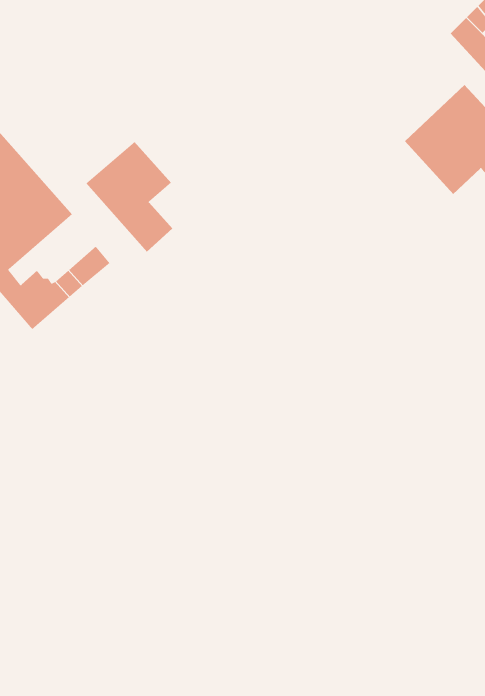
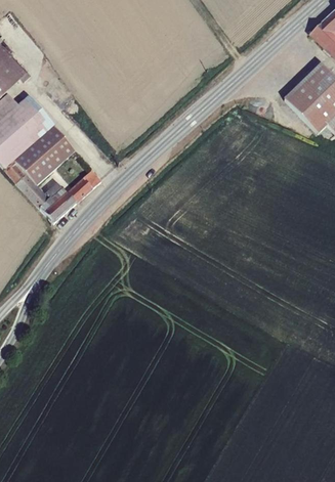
building: [86,141,173,252] -> none

